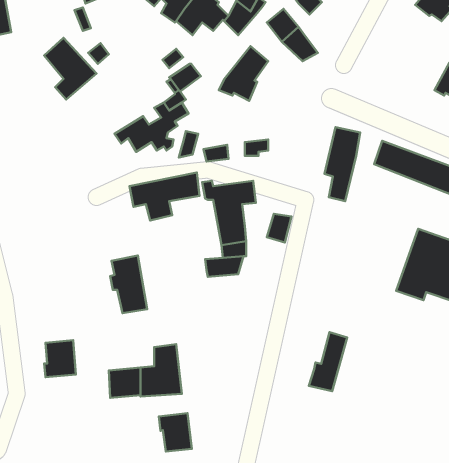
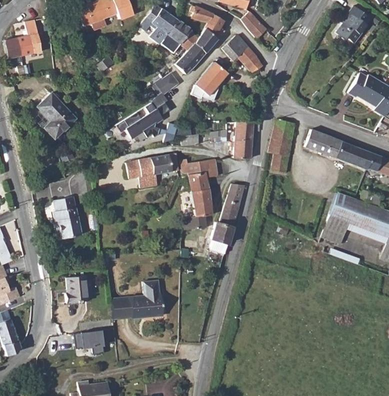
building: none -> [174,42,205,75]
building: [44,38,96,100] -> [37,91,75,136]
building: none -> [234,121,260,158]
building: [110,255,147,313] -> [53,196,80,238]
building: [309,332,347,391] -> [211,200,239,243]
building: [159,413,192,451] -> none
building: none -> [74,330,104,355]

